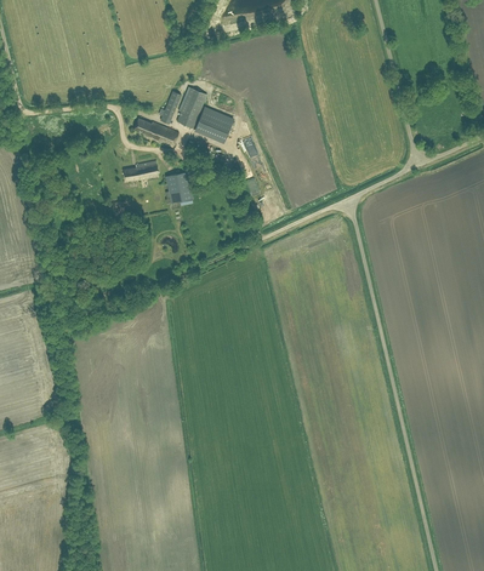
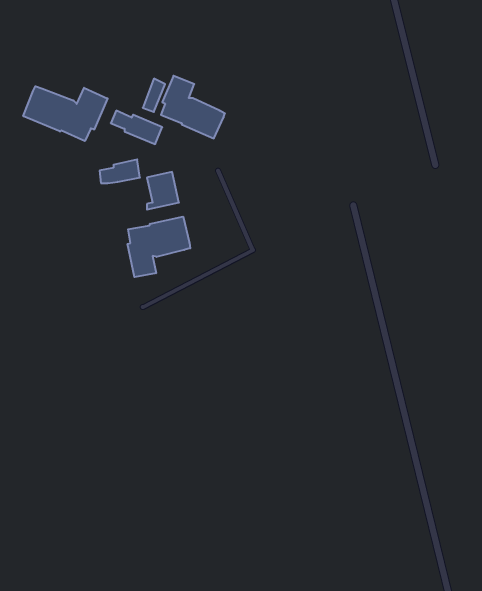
building: none -> [23,86,108,141]
building: none -> [128,217,190,277]

